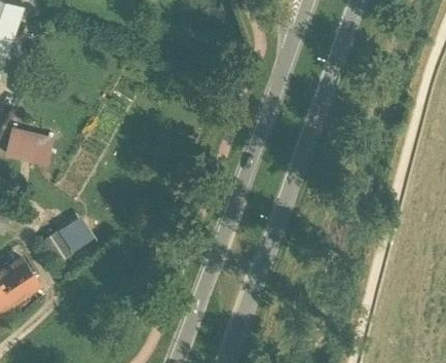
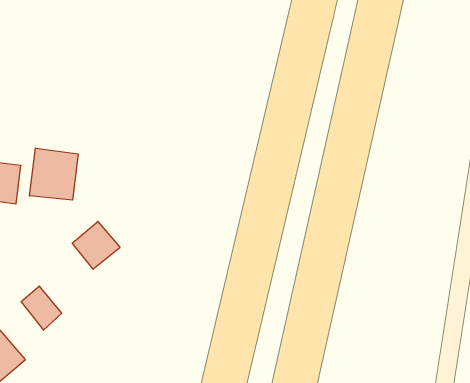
building: none -> [29,148,78,200]
building: [59,216,95,252] -> [72,221,120,269]

